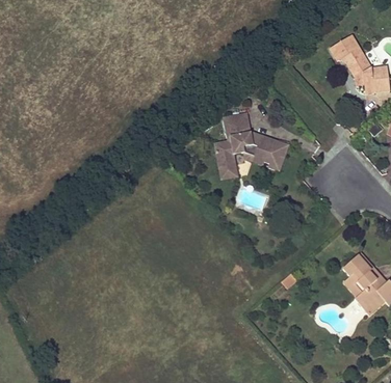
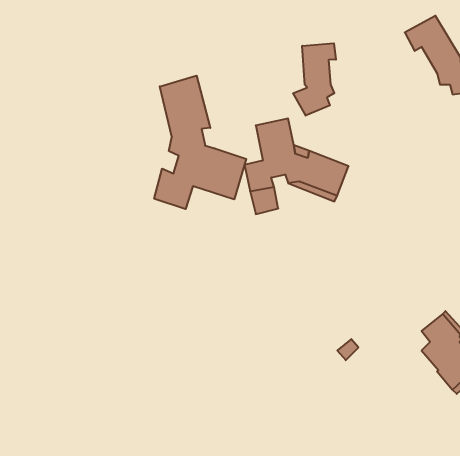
building: none -> [293,43,336,116]
building: none -> [154,76,246,209]

